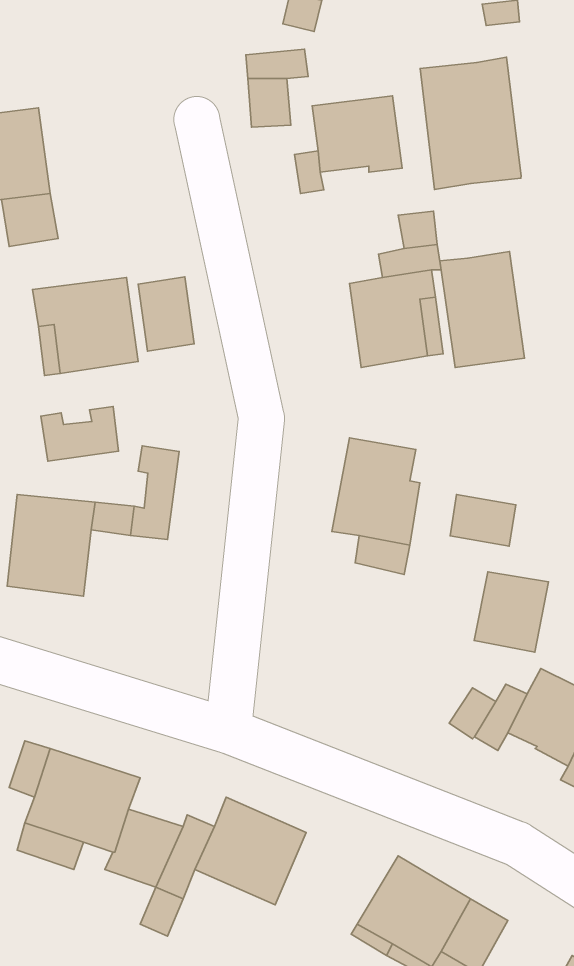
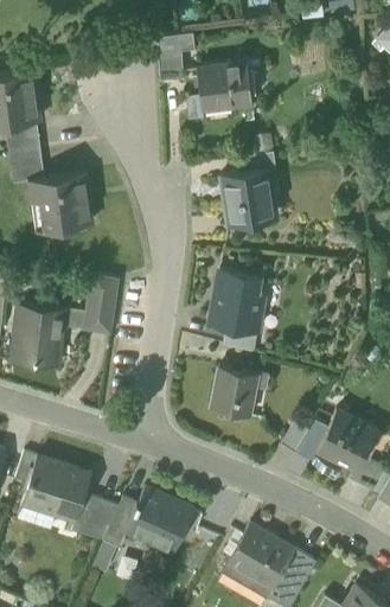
building: [420,57,521,189] -> none
building: none -> [13,148,46,181]
building: [440,251,525,367] -> none
building: [138,277,194,351] -> none
building: [41,406,118,461] -> none
building: [450,494,516,546] -> none
building: [474,572,548,652] -> [211,366,256,415]

